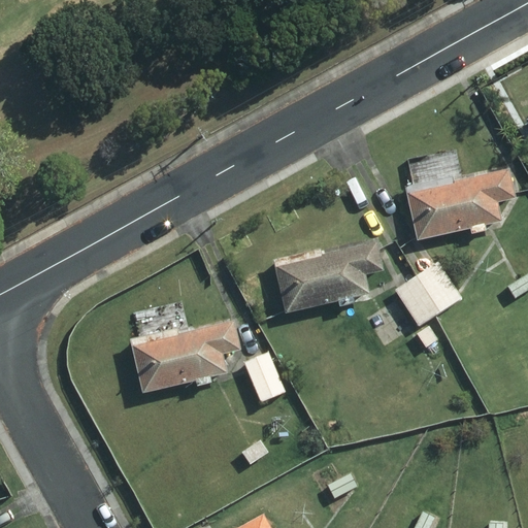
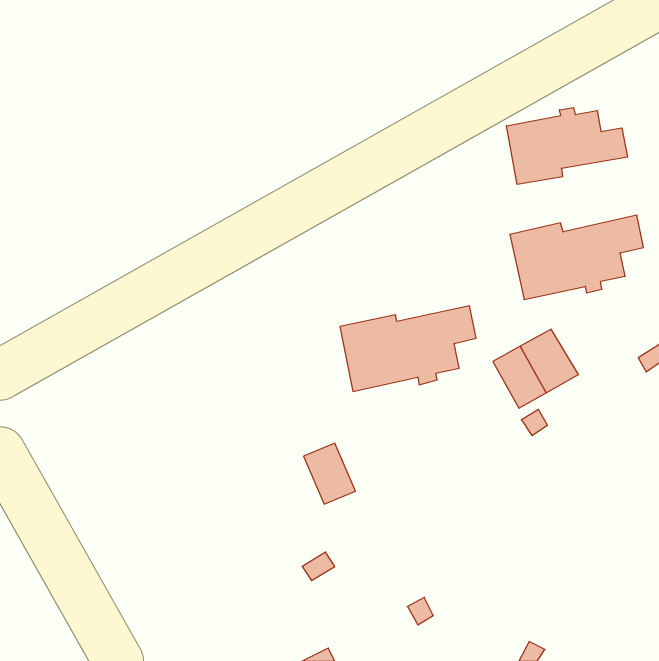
building: none -> [506,108,628,184]
building: [129,323,239,391] -> none

